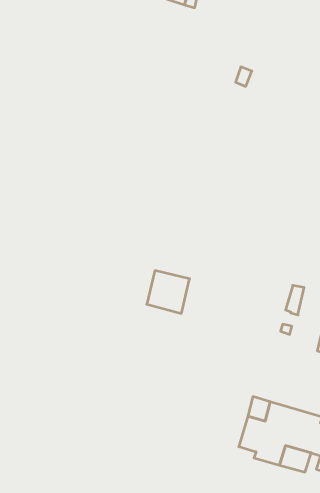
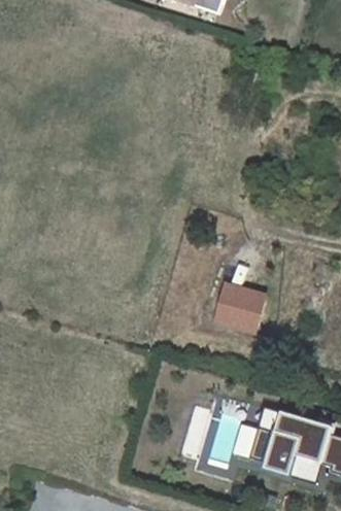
building: [147,271,190,313] -> [217,285,261,329]

